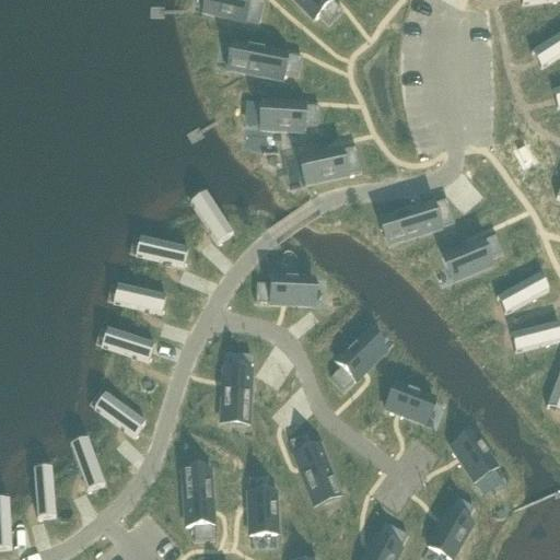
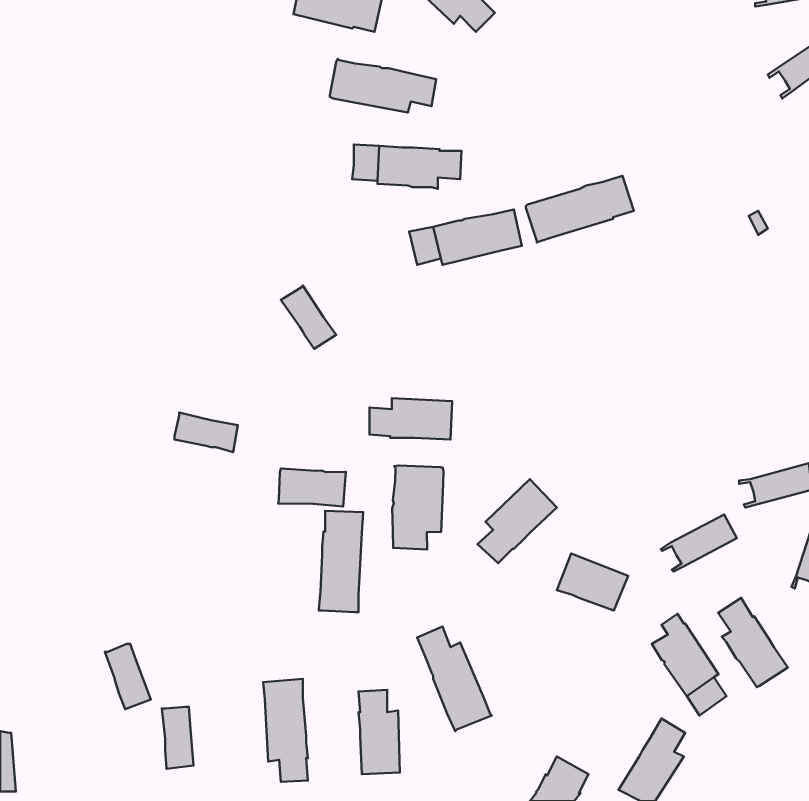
building: [381,197,455,243] -> [526,176,634,243]
building: [443,233,502,279] -> none
building: [143,237,188,264] -> none
building: [497,271,549,311] -> [661,514,737,571]
building: none -> [392,466,444,549]
building: none -> [278,469,346,507]
building: [109,329,154,360] -> none
building: [101,396,145,435] -> none
building: none -> [718,598,788,687]
building: [34,474,56,516] -> [162,707,194,769]

